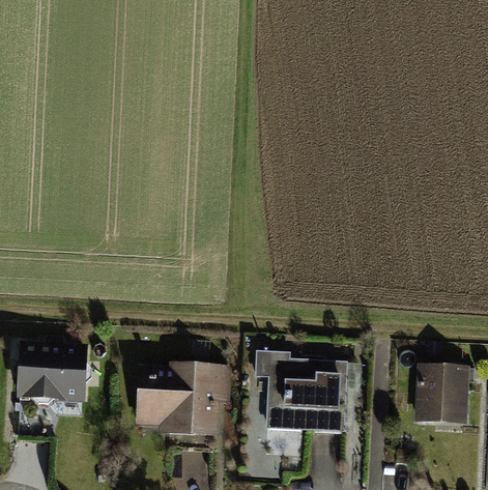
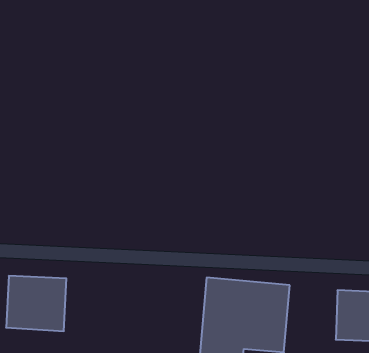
building: [135,361,226,432] -> none

